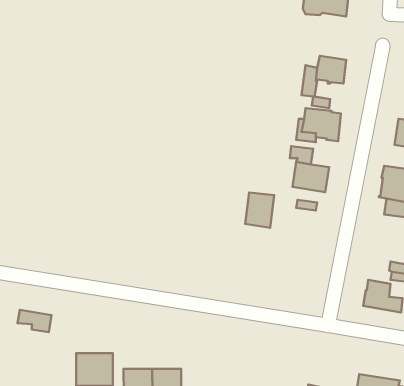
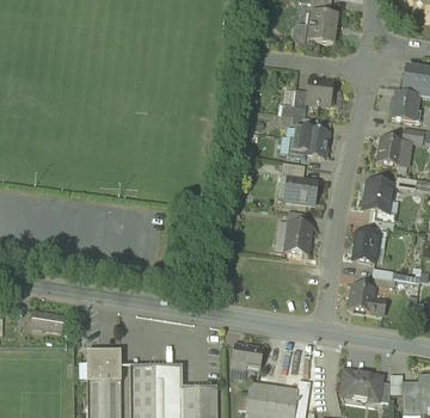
building: [245,193,274,228] -> [285,221,312,253]
building: none -> [354,230,379,262]
building: none -> [232,343,264,370]

